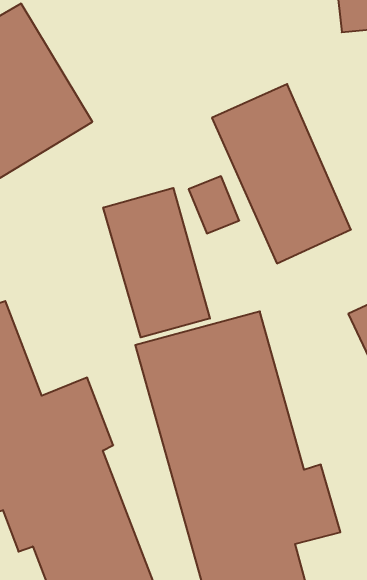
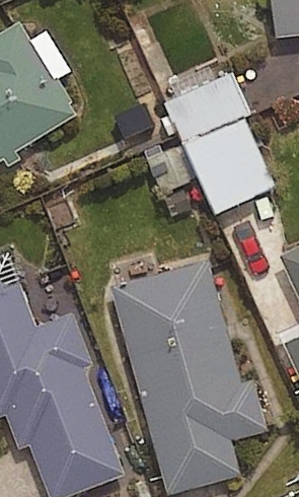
building: [103,188,210,337] -> none

